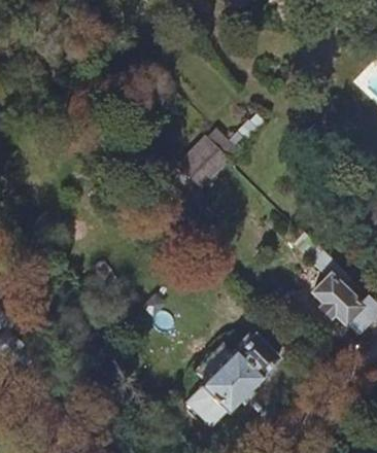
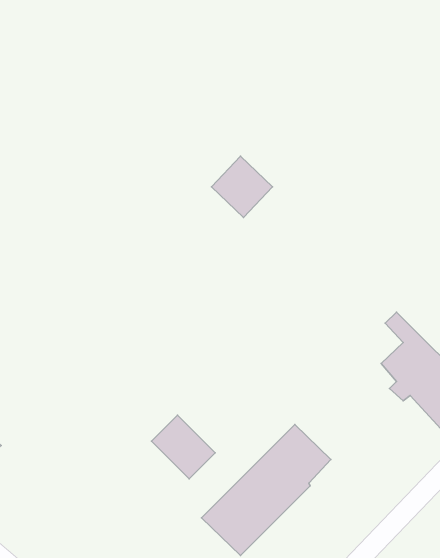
building: none -> [151,415,215,479]

